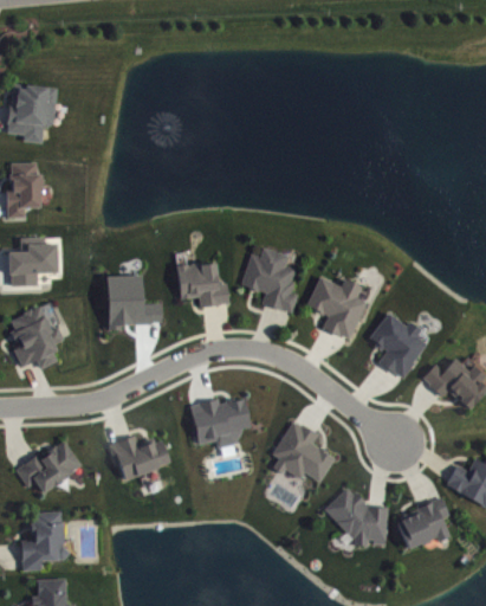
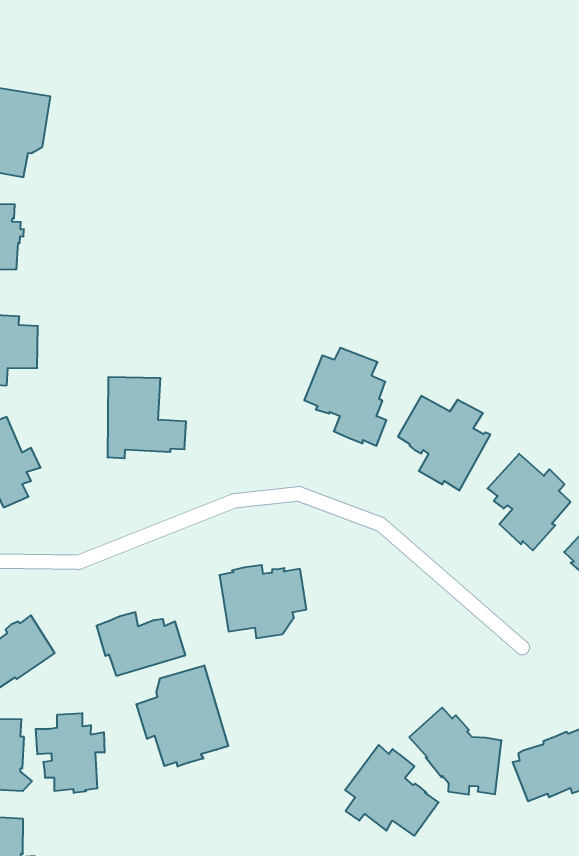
building: [176,263,228,307] -> none
building: [271,421,335,482] -> [345,745,439,836]
building: none -> [136,665,228,767]
building: none -> [36,713,104,793]

